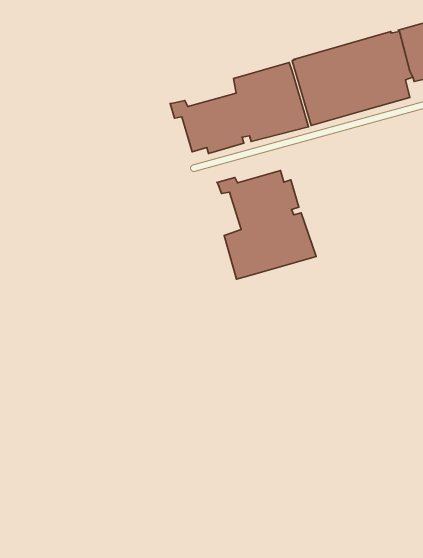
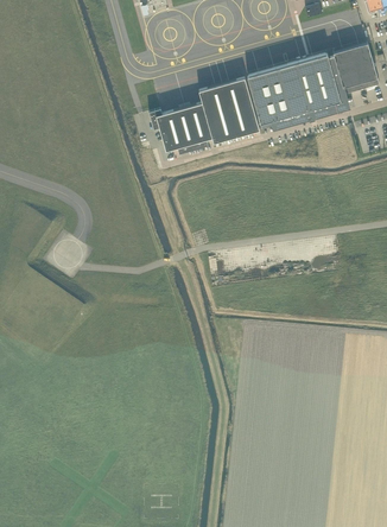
building: [217,170,316,279] -> none

